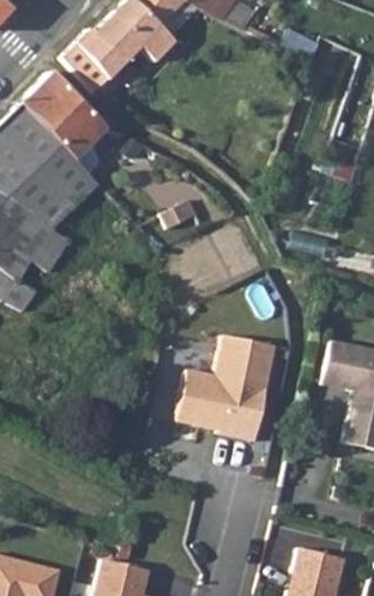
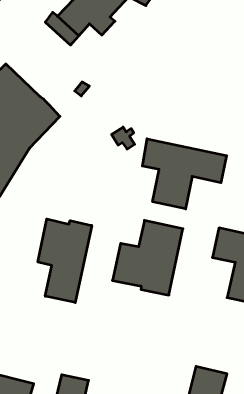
building: [19,69,99,153] -> none
building: none -> [142,139,227,209]
building: none -> [38,219,92,303]

